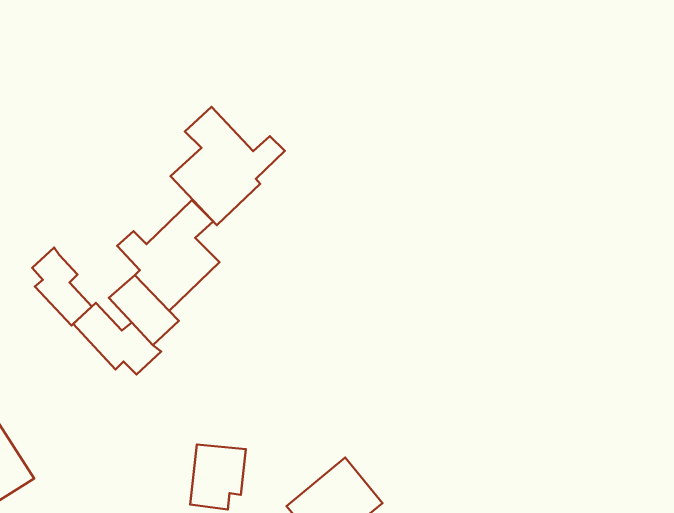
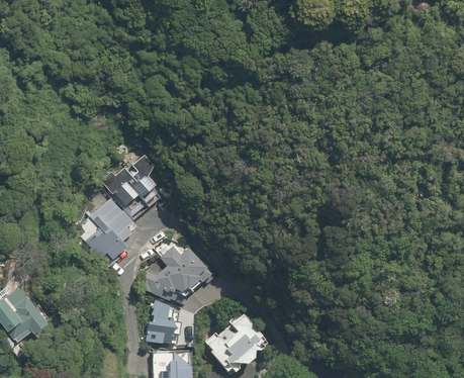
building: [171,107,285,225] -> none
building: [32,248,92,325] -> none
building: none -> [143,244,211,305]

